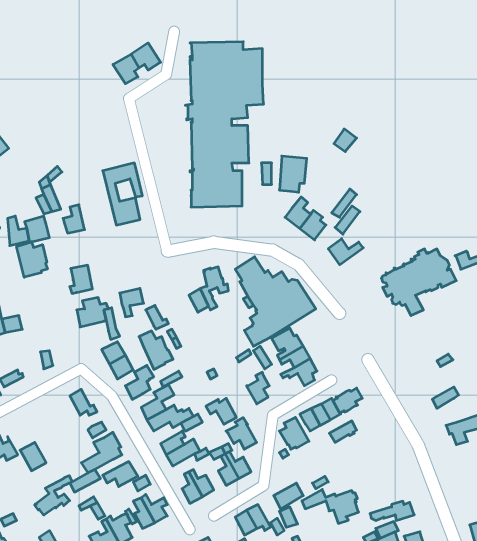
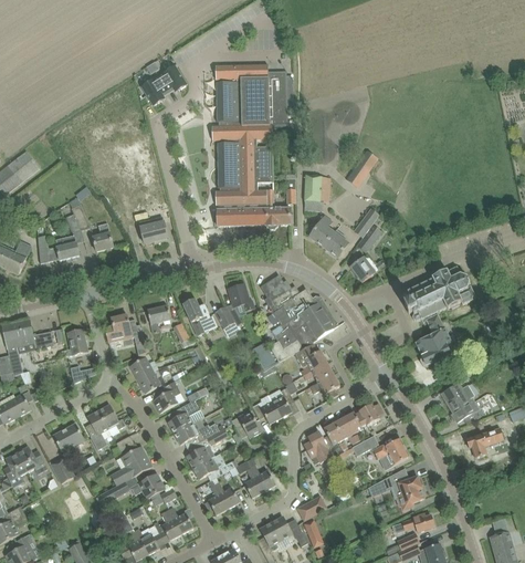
building: none -> [266,189,290,229]
building: [17,242,47,277] -> none
building: [70,265,92,293] -> [65,329,87,356]
building: none -> [416,326,455,366]
building: [139,331,173,369] -> [182,299,216,336]
building: none -> [441,383,474,413]
building: none -> [86,410,108,450]
building: none -> [52,423,85,455]
building: [226,418,257,449] -> [251,394,281,425]
building: none -> [372,438,409,469]
building: [35,476,72,515] -> none
building: [302,489,359,523] -> [368,476,423,509]

